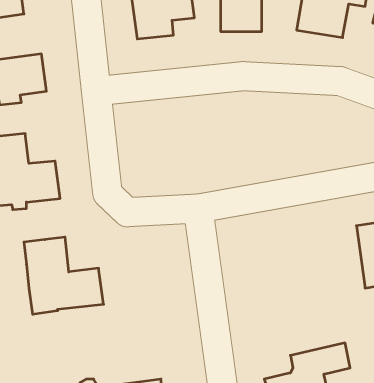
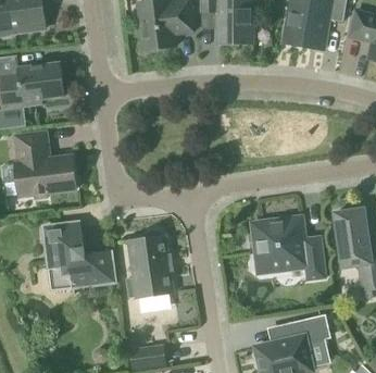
building: none -> [253,217,325,279]
building: none -> [126,229,173,298]

